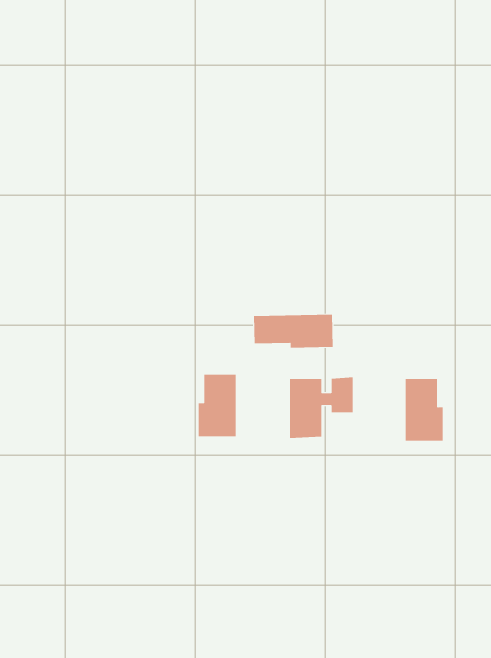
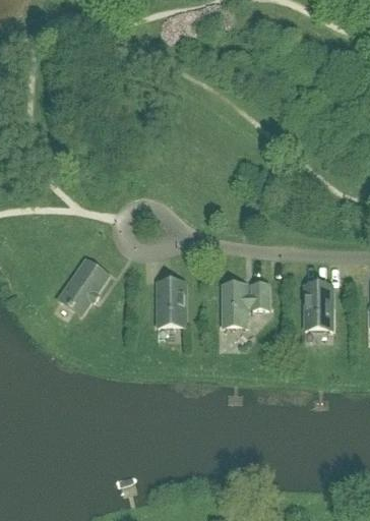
building: [254,314,333,348] -> none
building: none -> [58,257,109,312]

